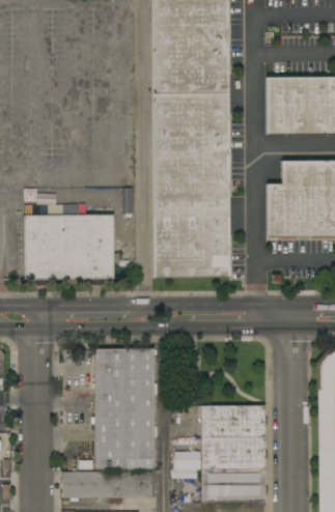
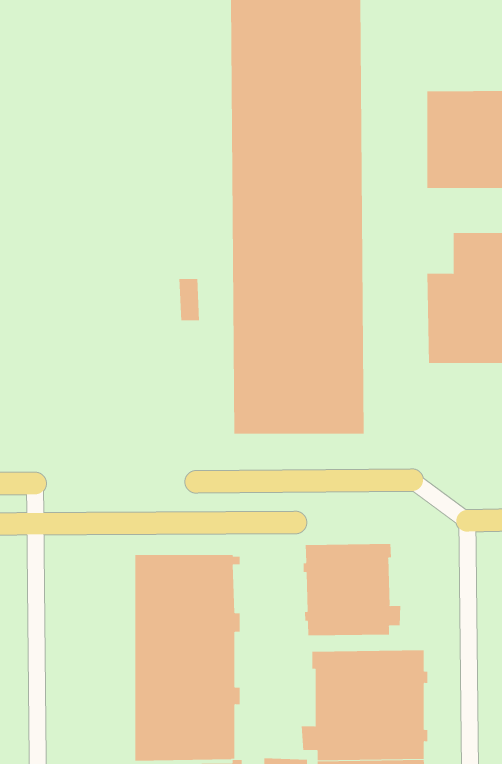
building: [24,215,114,285] -> none
building: none -> [303,543,401,636]

